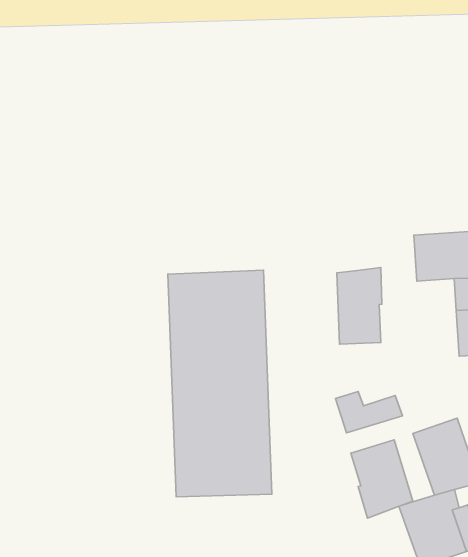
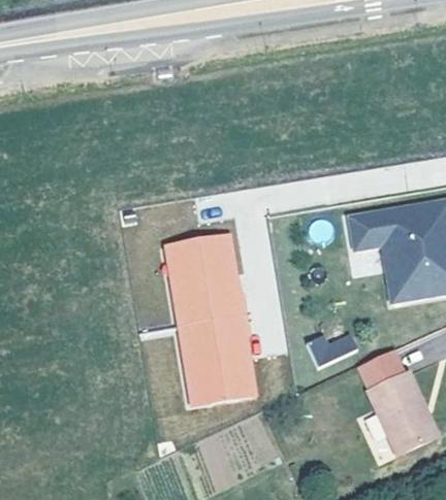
building: [337,268,382,344] -> none
building: [351,440,413,518] -> none

